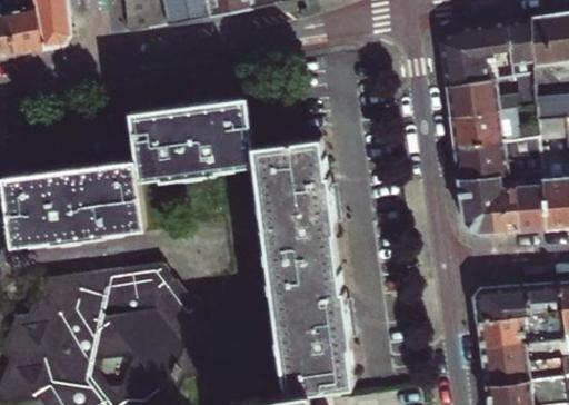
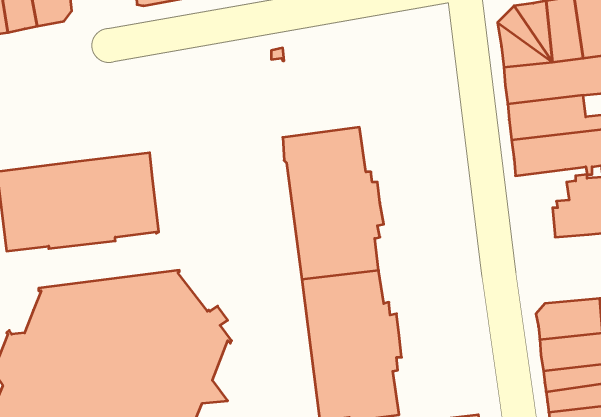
building: [129,99,252,184] -> none
building: [453,176,500,236] -> none

